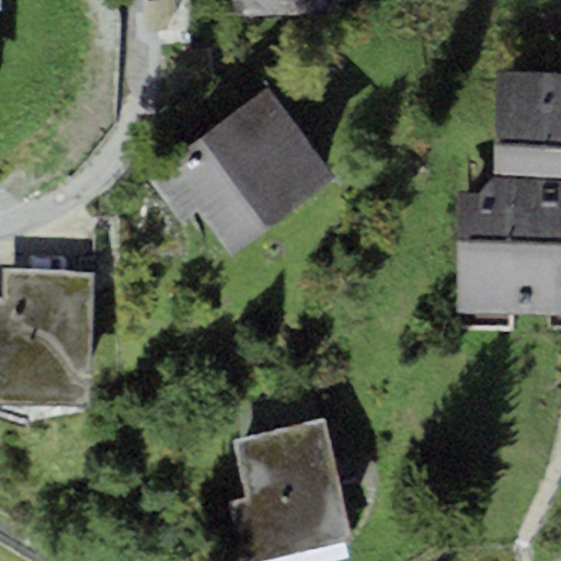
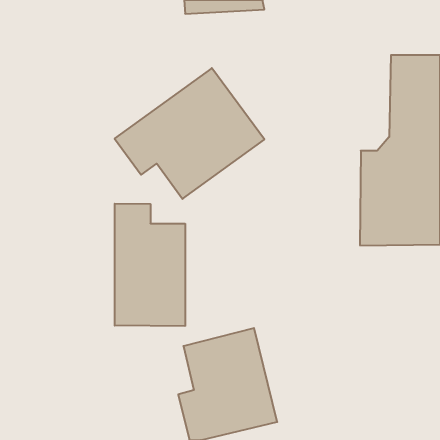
building: none -> [115,204,185,326]
building: [4,275,90,403] -> none

